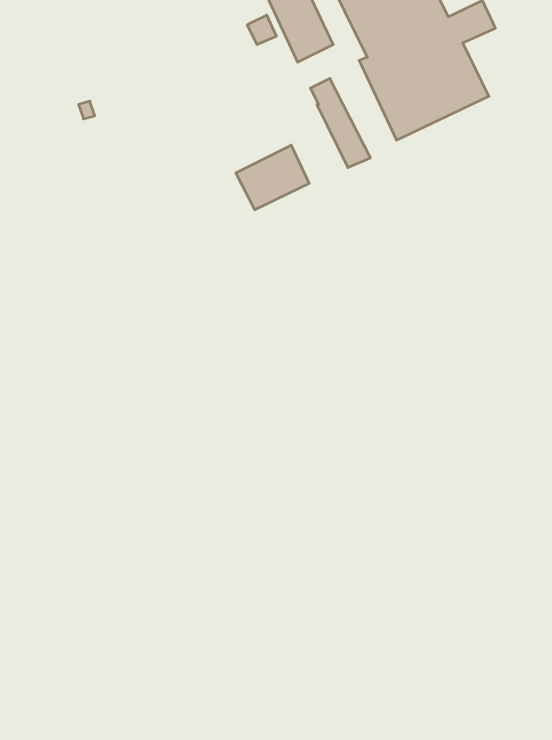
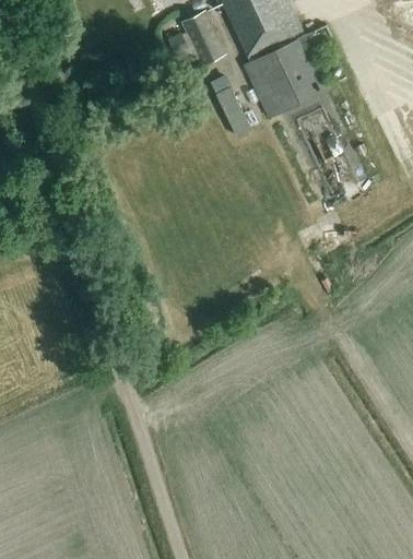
building: [236,145,309,210] -> none

